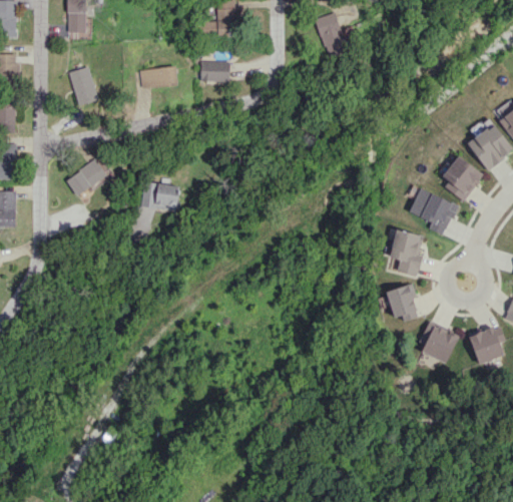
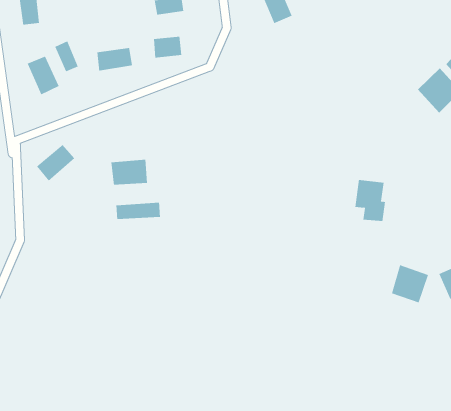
building: none -> [54,41,78,72]
building: [443,156,483,201] -> none
building: [409,188,457,235] -> none
building: none -> [116,202,160,220]
building: [385,284,420,322] -> none

